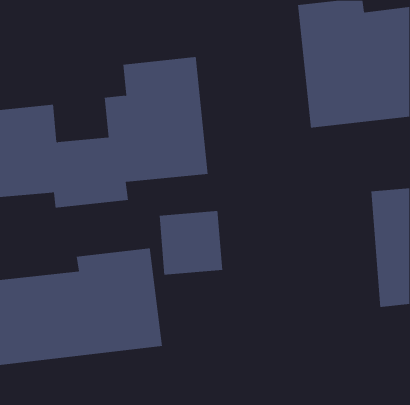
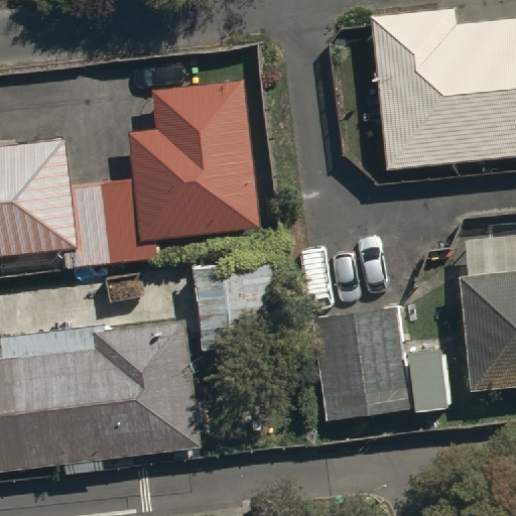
building: none -> [315,321,407,411]

